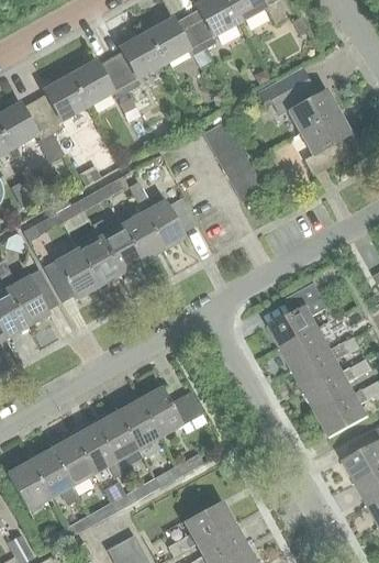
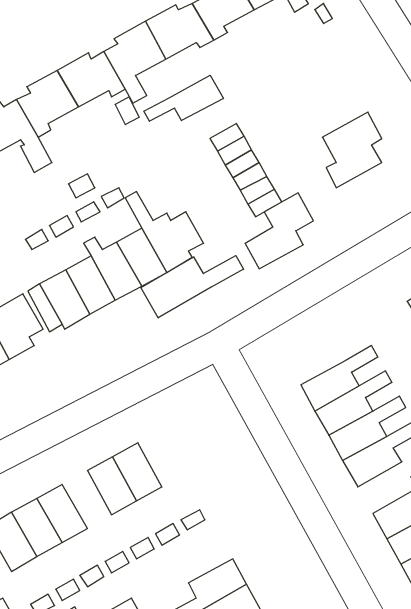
building: [269,78,338,133] -> none
building: none -> [144,75,223,121]
building: none -> [141,256,244,318]
building: [268,283,327,349] -> [245,193,313,269]
building: [138,386,198,438] -> none
building: [73,423,122,478] -> none

